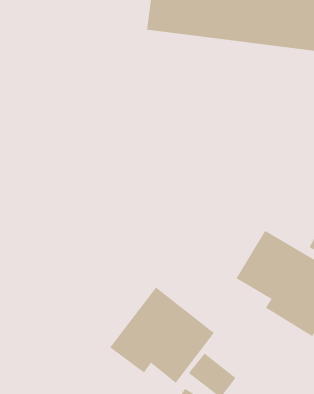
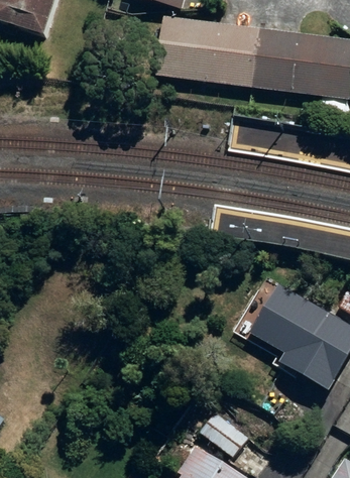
building: [109,286,215,384] -> none

